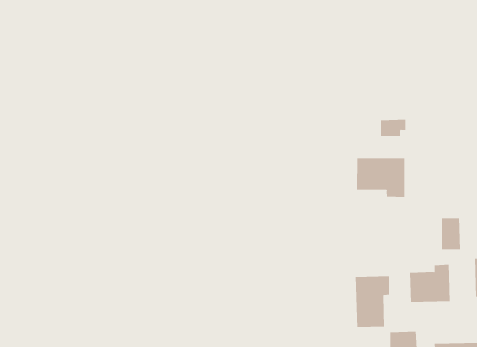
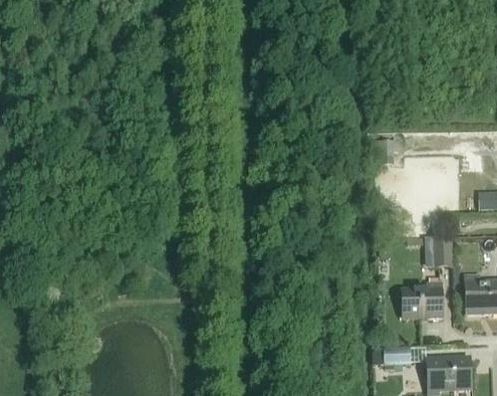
building: [356,157,405,198] -> none
building: [355,276,390,328] -> none

